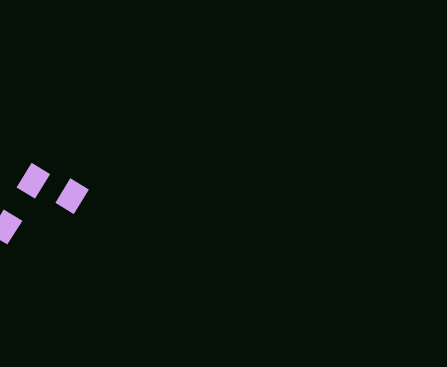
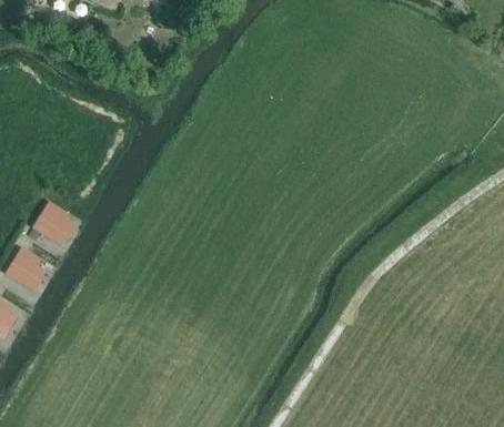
building: [54,177,90,215] -> none

